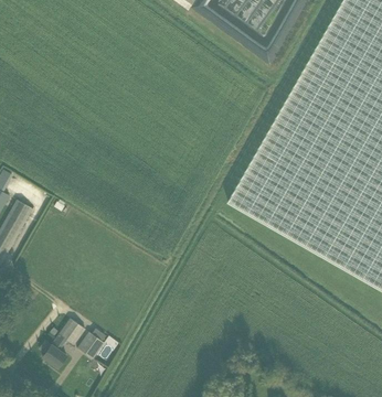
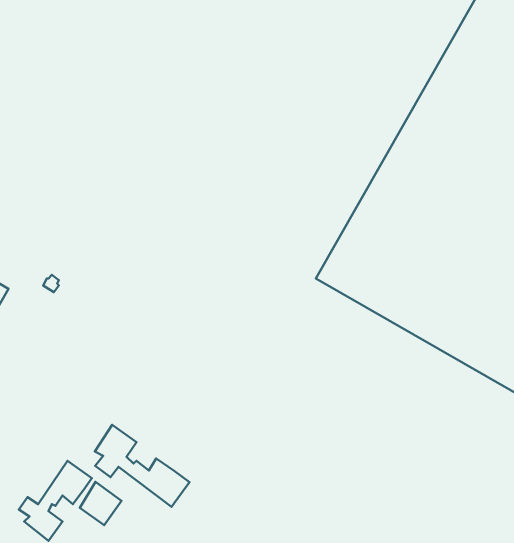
building: none -> [95,425,189,507]

